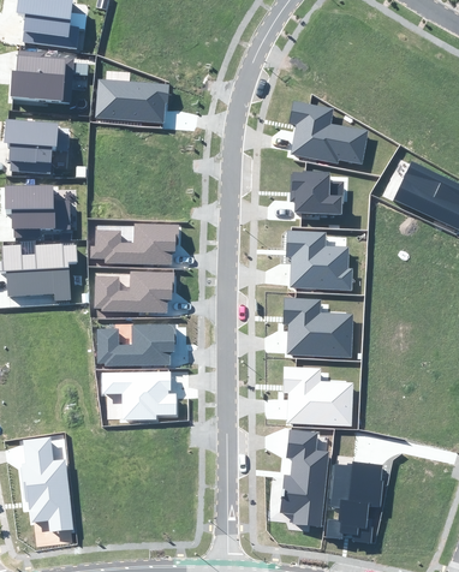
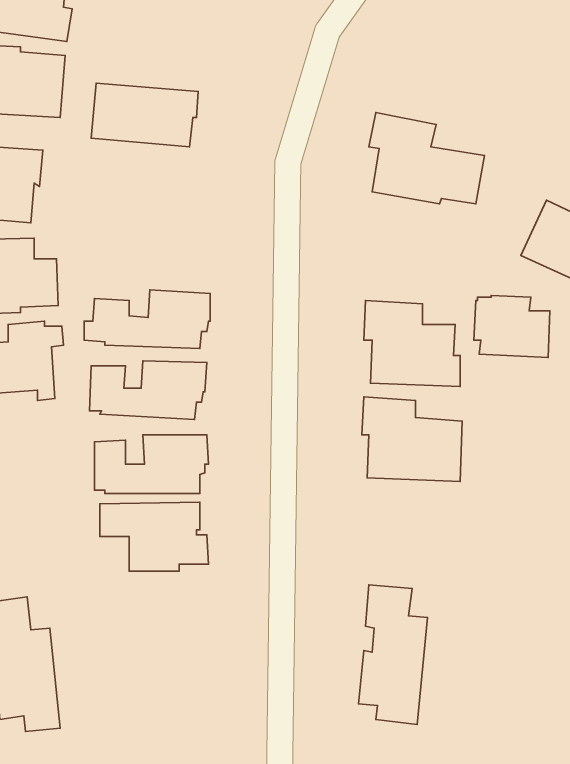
building: [291,171,344,214] -> [474,295,550,358]
building: [282,367,353,425] -> none
building: [324,461,383,544] -> none

